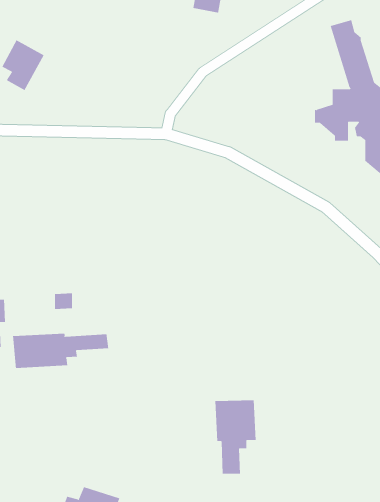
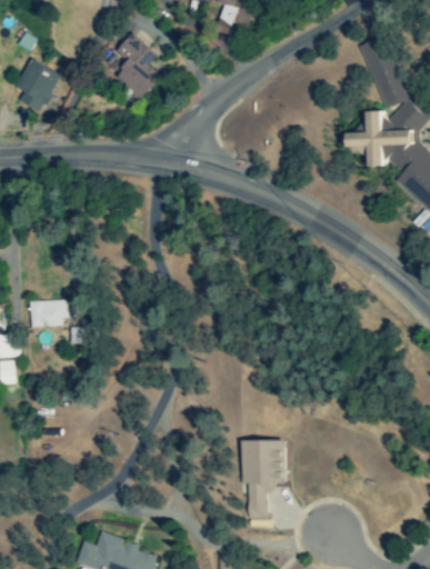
building: none -> [113,32,161,100]
building: none -> [30,300,66,328]
building: [12,333,109,369] -> none

